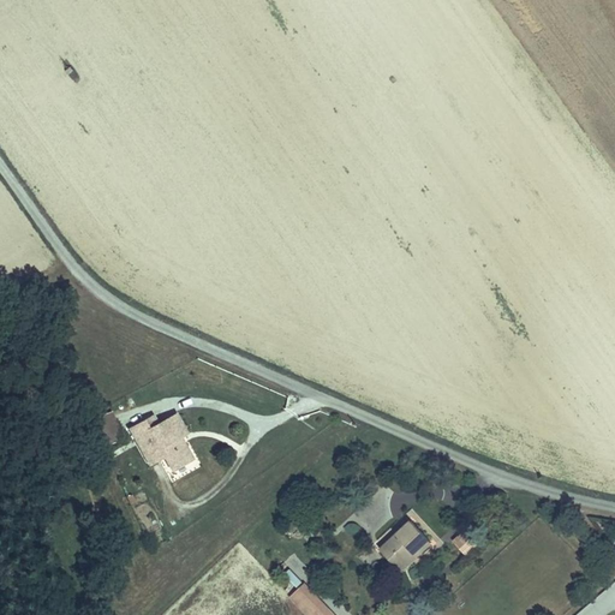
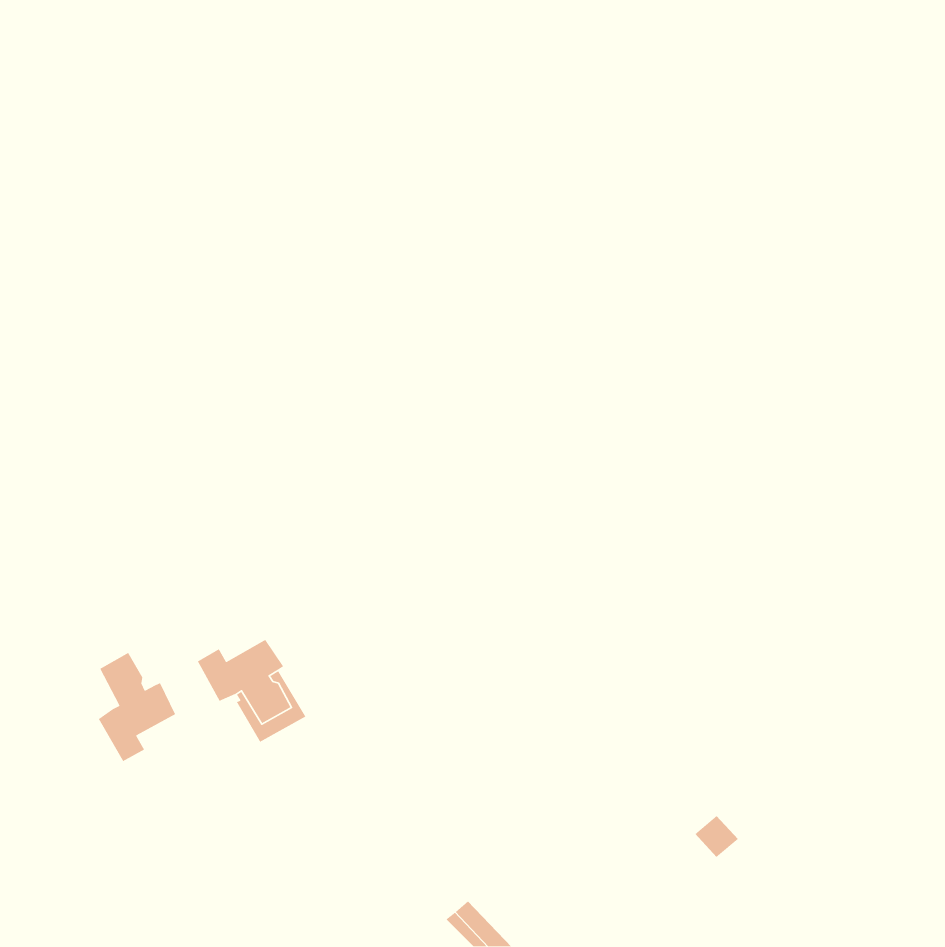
building: none -> [98,652,176,762]
building: [377,523,430,569] -> none

